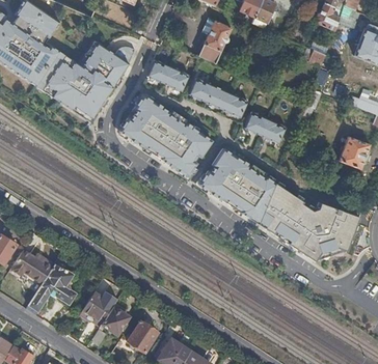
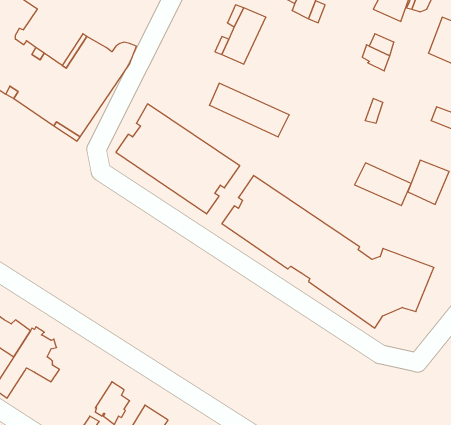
building: [147,59,190,91] -> none
building: [244,112,287,144] -> [355,163,411,206]
building: [83,289,115,323] -> none

